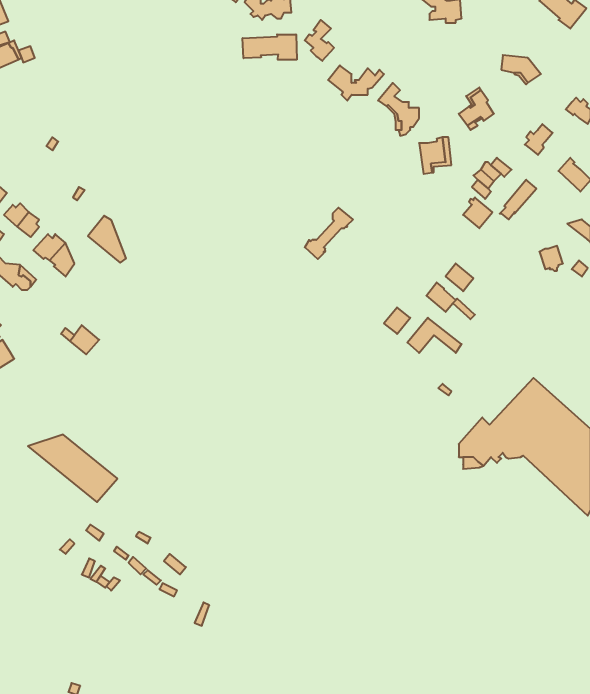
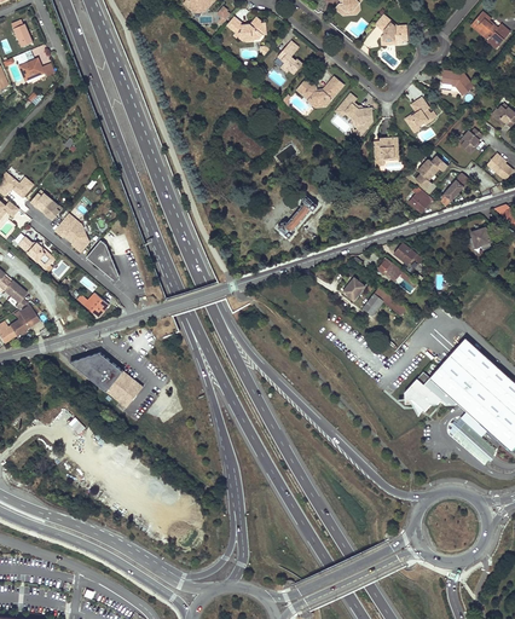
building: [243,34,297,60] -> none
building: [88,216,126,263] -> [87,241,118,279]
building: [28,435,117,502] -> [70,352,144,407]
building: none -> [453,422,497,463]

